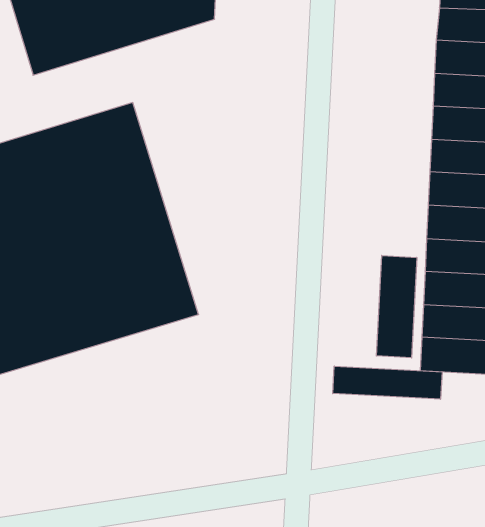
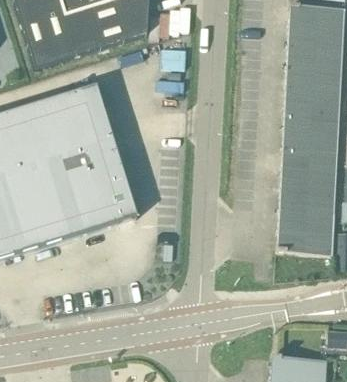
building: [376,255,417,358] -> none
building: [333,366,442,399] -> none

